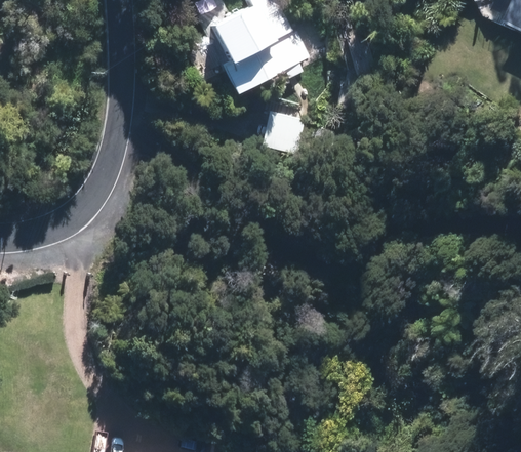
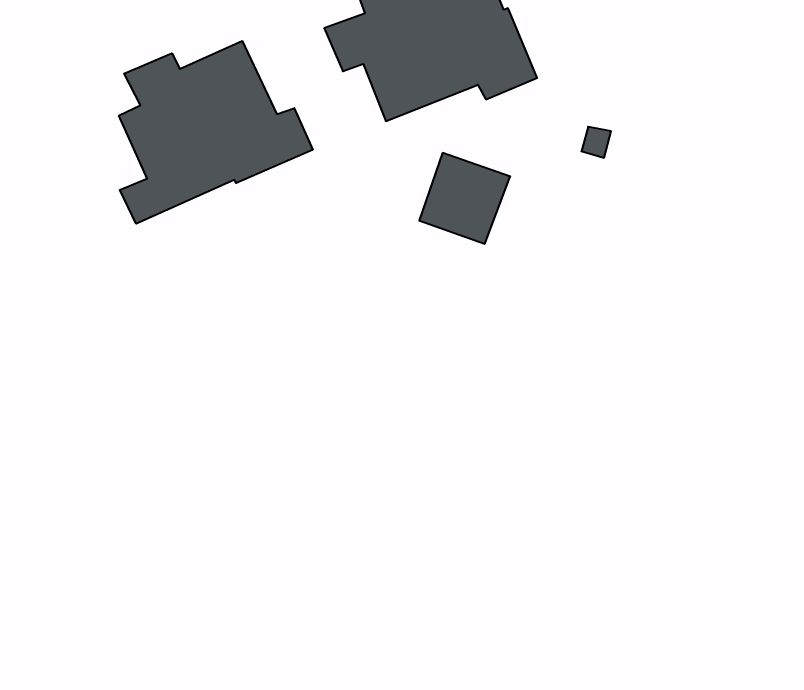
building: none -> [119,41,313,224]

